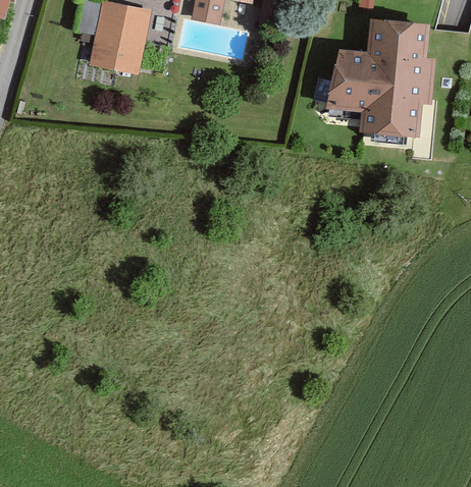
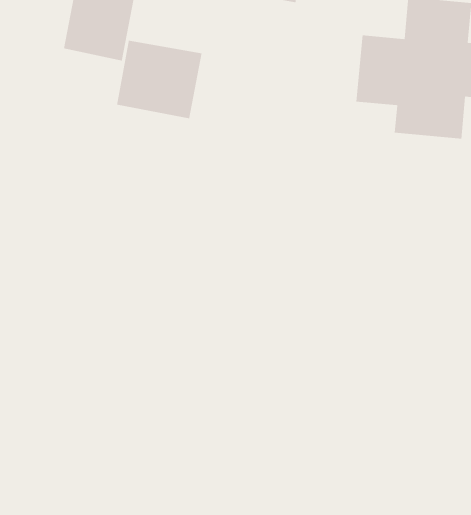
building: none -> [116,40,202,119]

